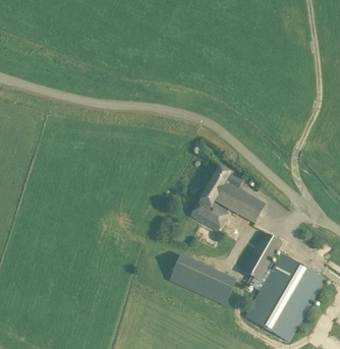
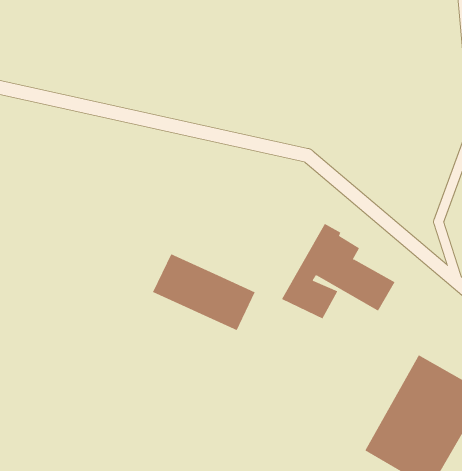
building: [242,231,282,280] -> none
building: [169,253,237,304] -> [152,254,256,331]

